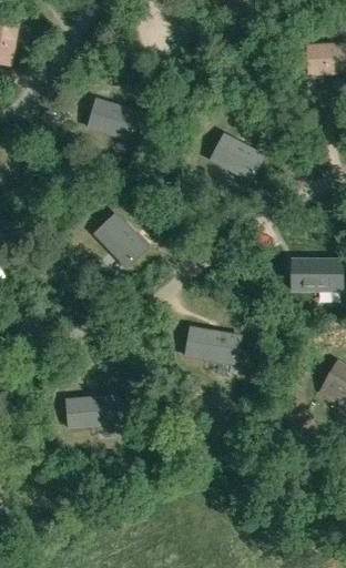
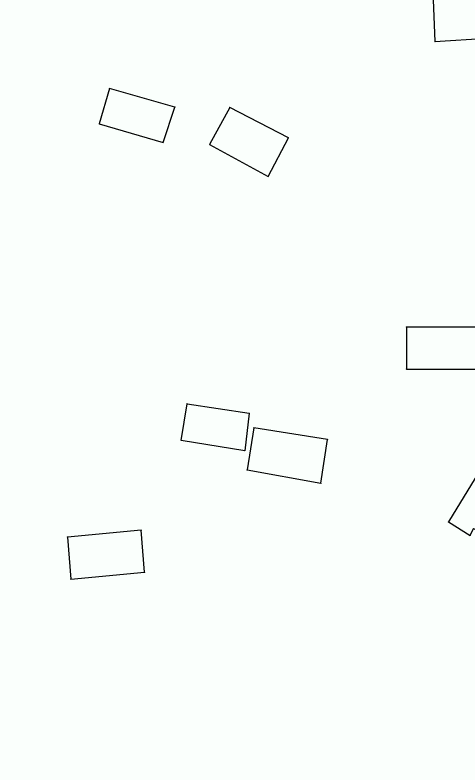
building: [211,134,263,180] -> [210,107,288,176]
building: [94,213,145,265] -> none
building: none -> [181,404,249,451]

